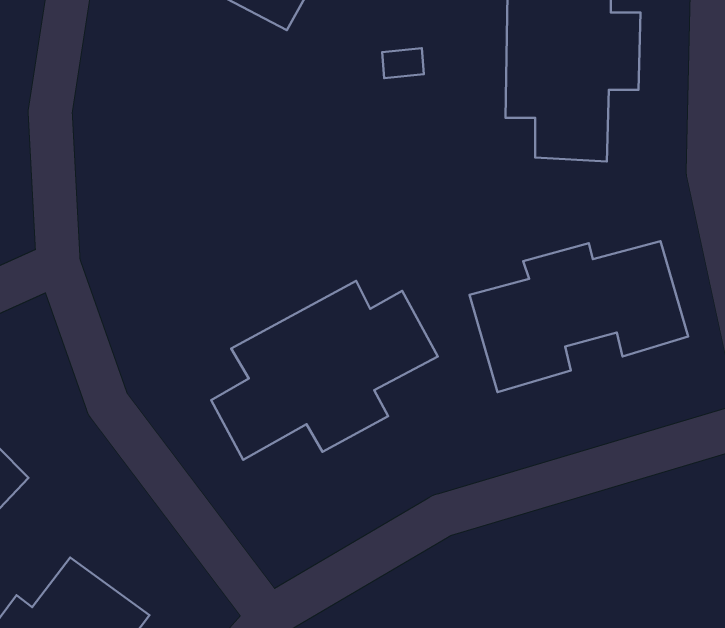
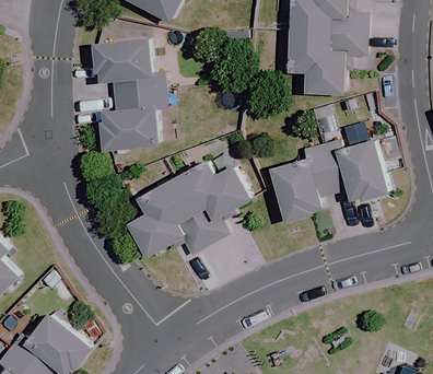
building: none -> [94,38,164,149]

